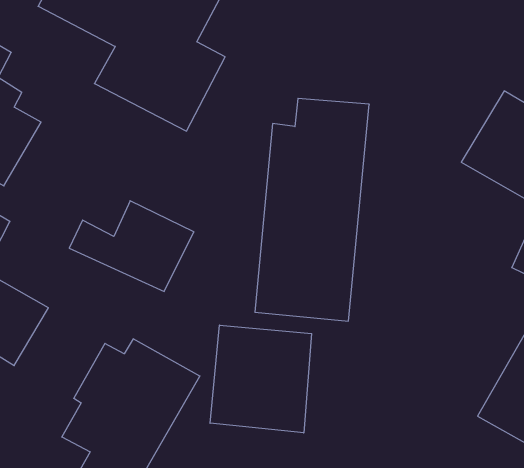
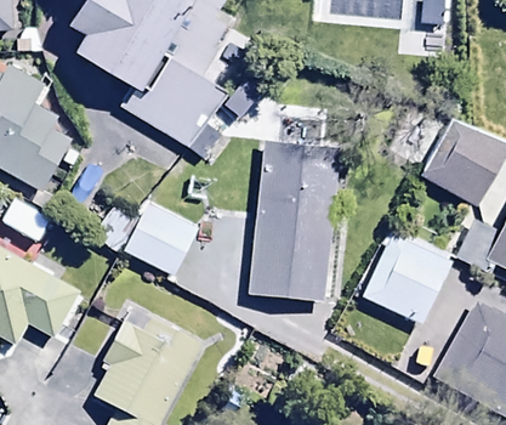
building: none -> [360,228,455,328]
building: [210,325,312,433] -> none

